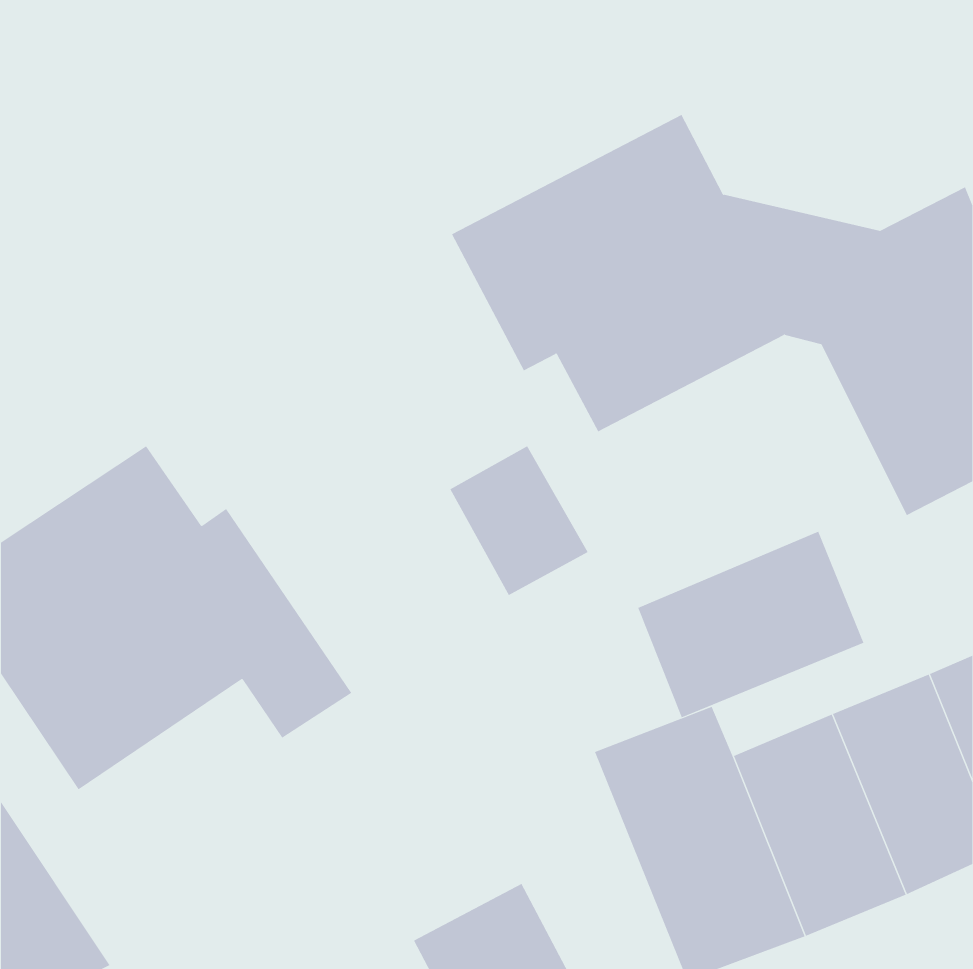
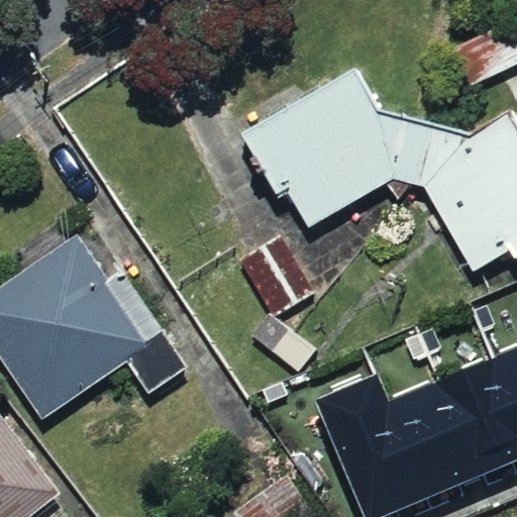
building: [637,531,864,718] -> none

